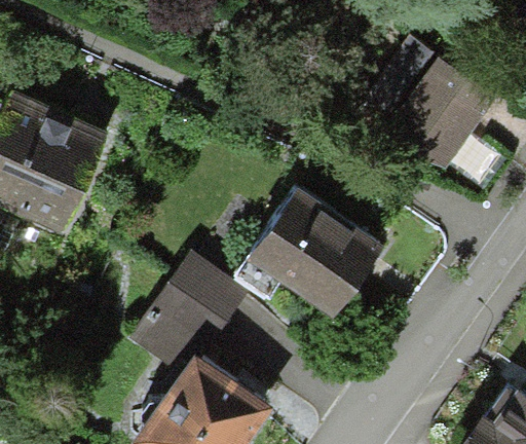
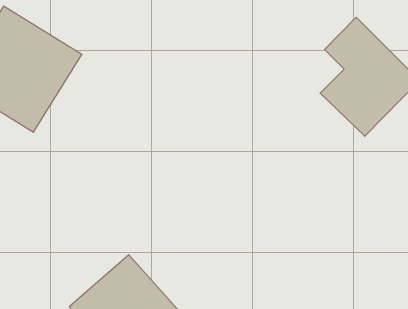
building: [249,191,378,312] -> none
building: [153,254,254,353] -> none

